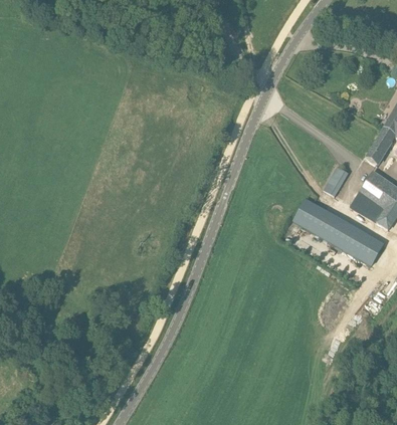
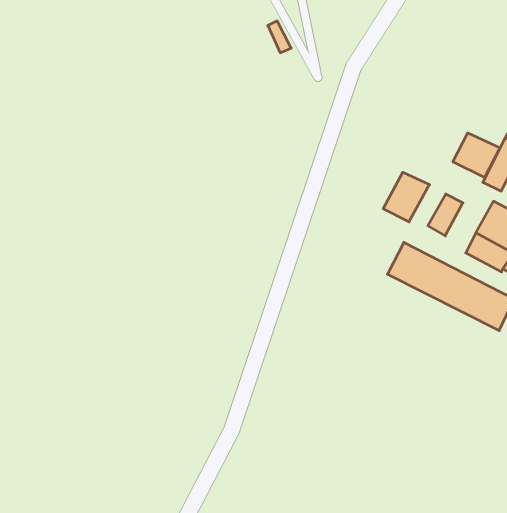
building: none -> [453,133,500,177]
building: none -> [383,172,430,222]

